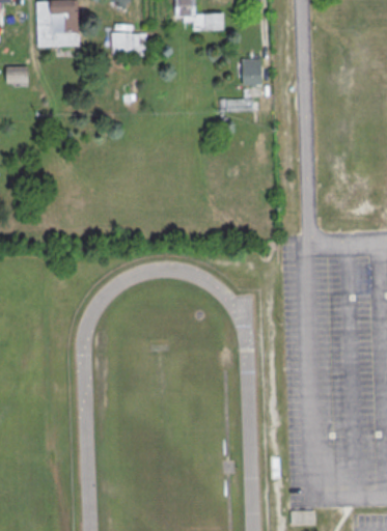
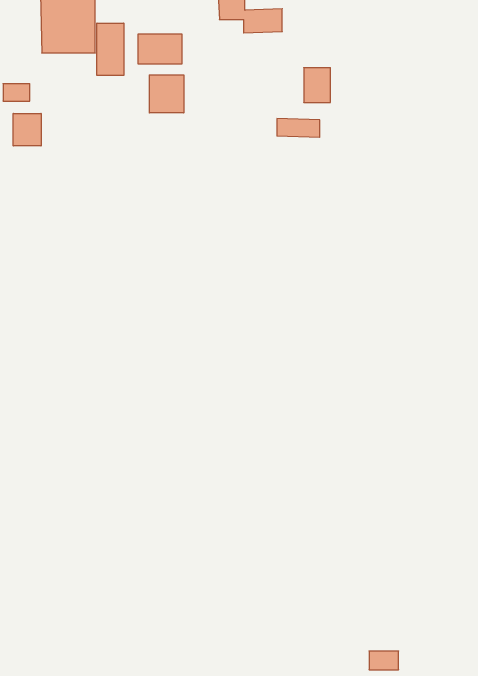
building: none -> [97,23,124,75]
building: none -> [149,75,184,113]
building: none -> [13,113,41,146]

